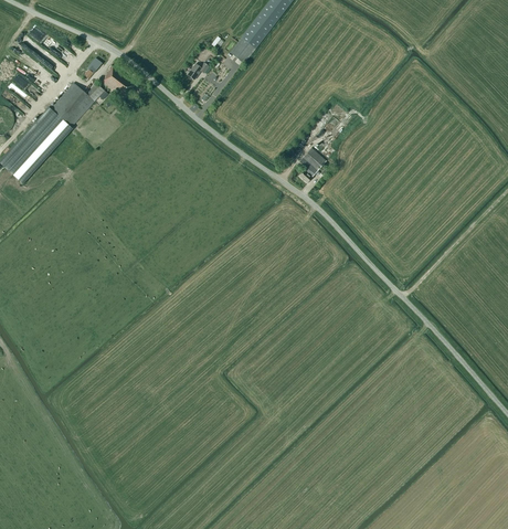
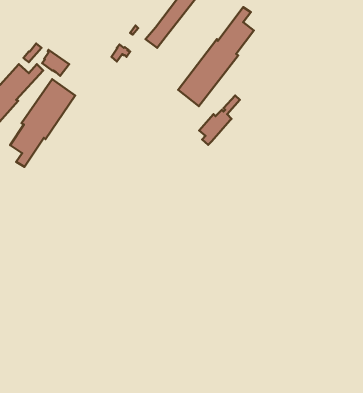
building: none -> [178,7,254,106]
building: none -> [10,79,75,167]

